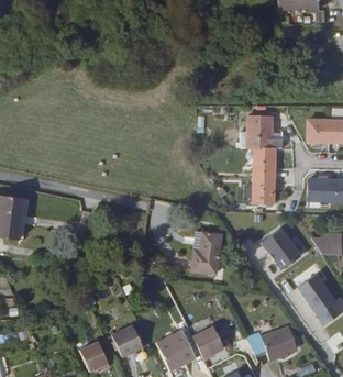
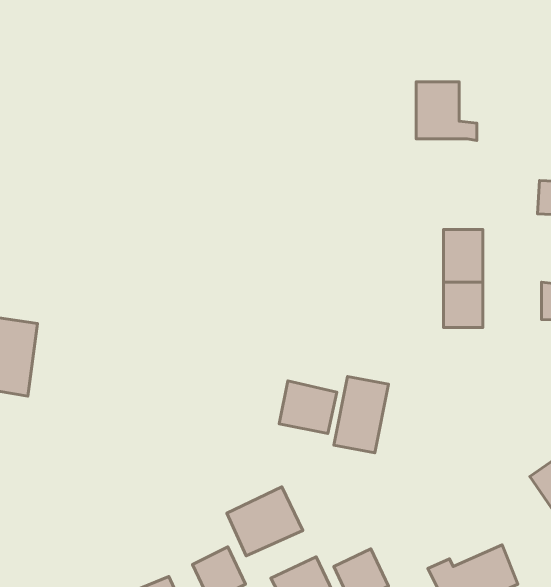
building: [246,115,280,148] -> [416,82,477,141]
building: [266,225,306,267] -> none
building: none -> [279,381,337,433]
building: none -> [227,487,303,556]

